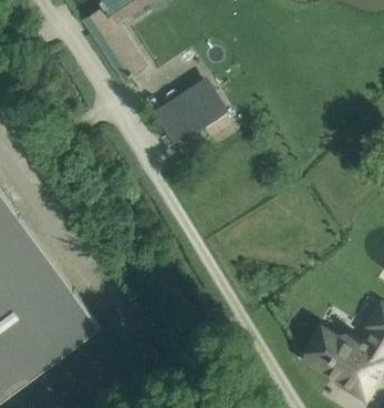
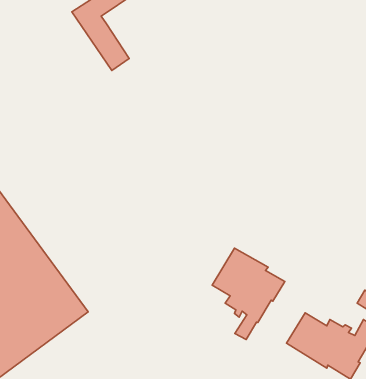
building: [156,80,230,150] -> none
building: none -> [212,248,285,340]

